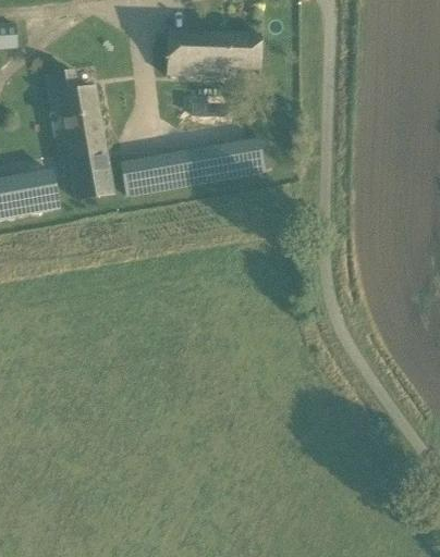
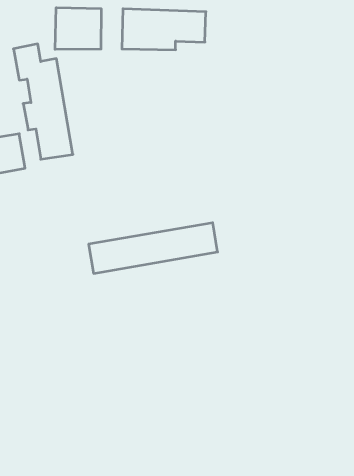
building: none -> [55,8,101,49]
building: [121,139,265,196] -> [89,223,218,273]

